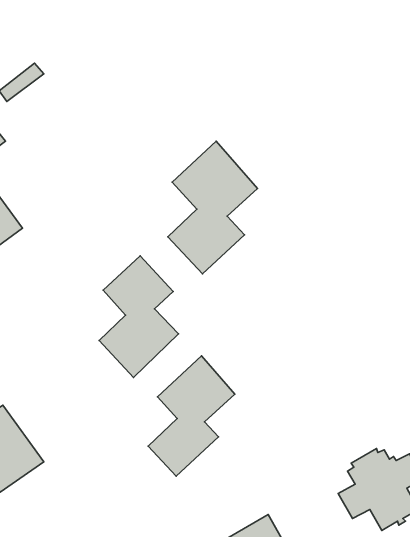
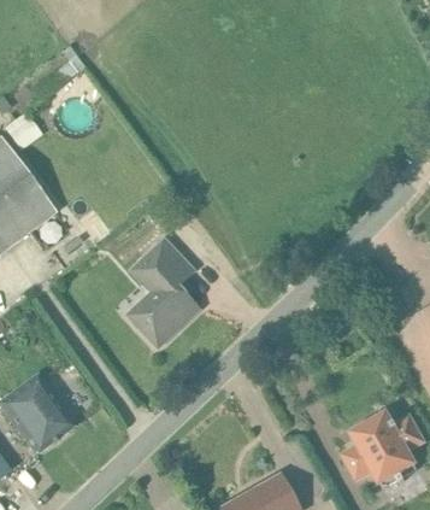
building: [168,141,258,274] -> none
building: [148,356,235,476] -> none

